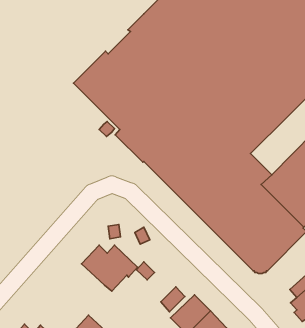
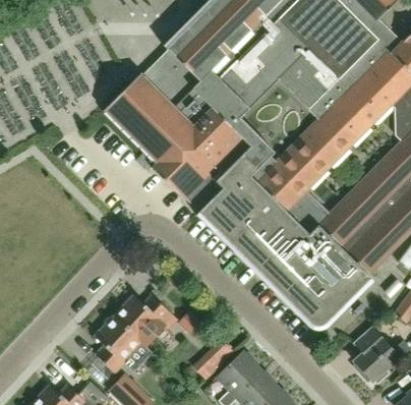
building: none -> [95,315,140,371]

